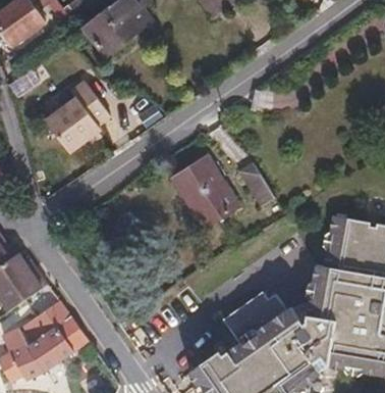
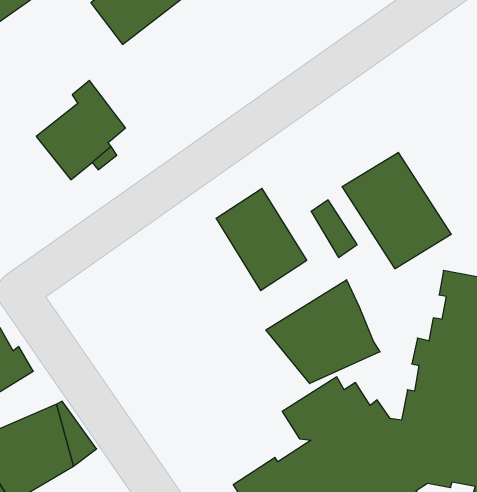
building: none -> [342,152,451,269]
building: none -> [266,280,380,384]

